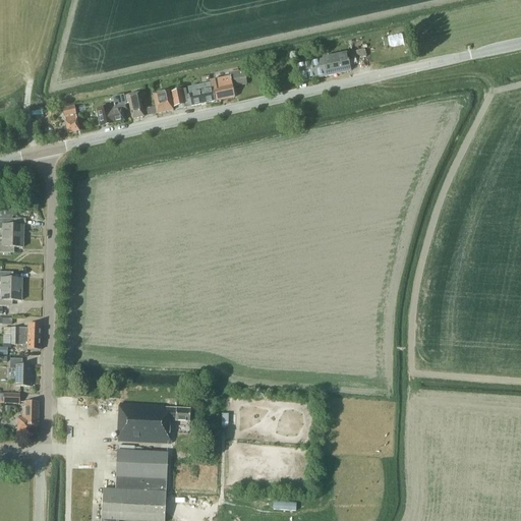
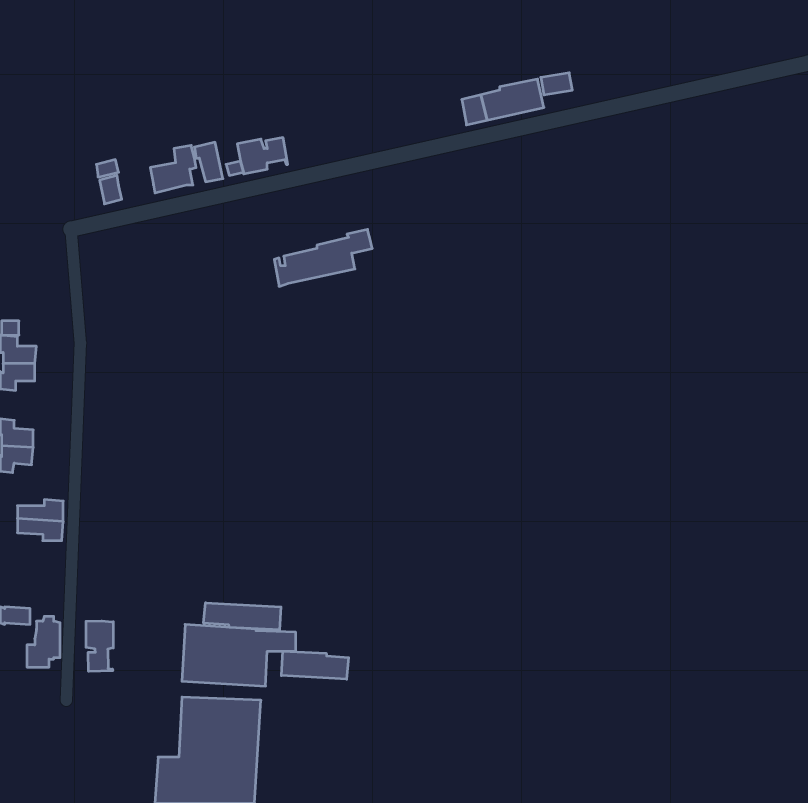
building: [182,69,245,106] -> [274,229,372,286]
building: [9,357,31,384] -> none
building: none -> [204,603,281,630]
building: none -> [86,621,113,671]
building: none -> [281,651,349,679]

